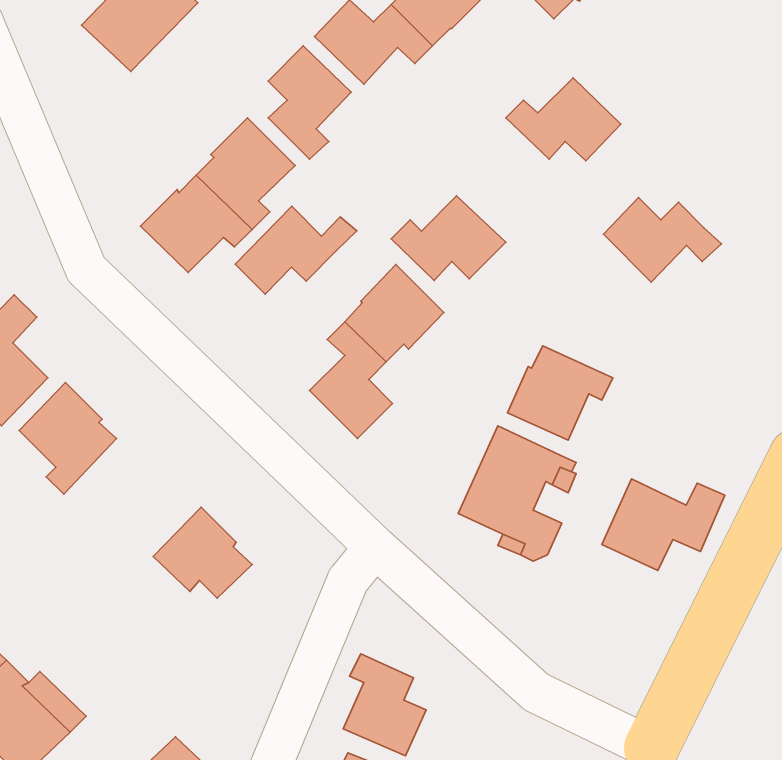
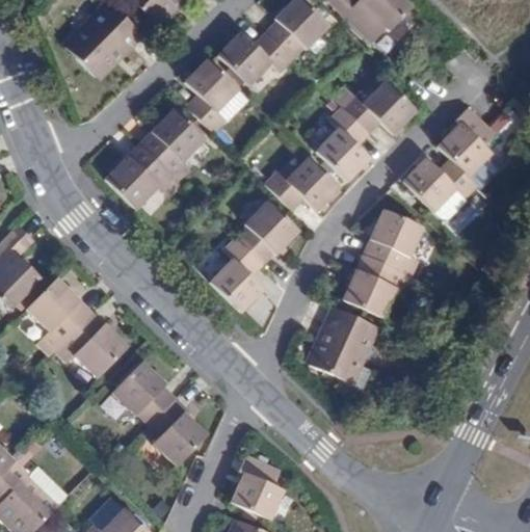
building: none -> [316,106,370,181]
building: none -> [439,108,497,178]
building: [235,206,357,294] -> none
building: none -> [365,209,422,275]
building: none -> [53,315,125,379]
building: [602,479,725,570] -> none
building: none -> [153,397,207,467]

